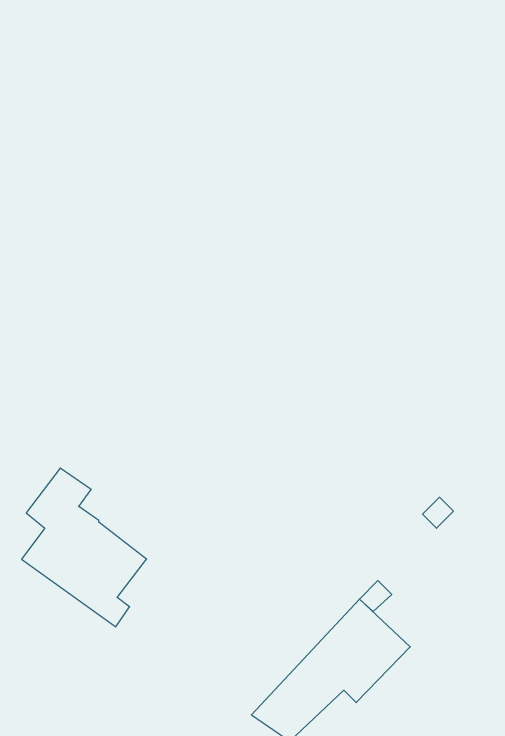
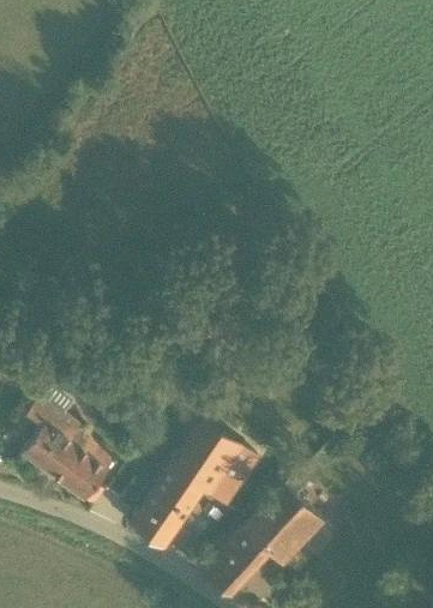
building: none -> [131,421,263,552]

